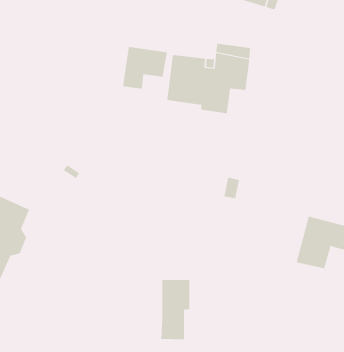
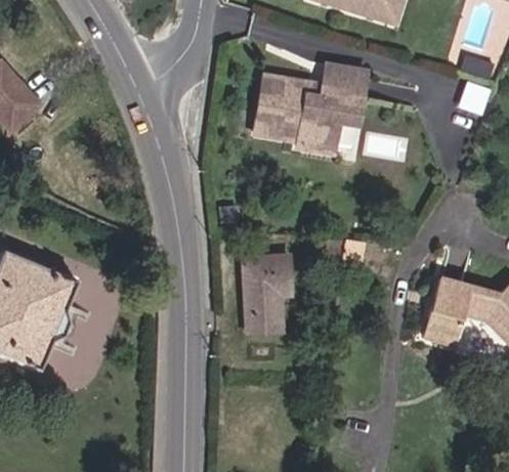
building: [123,46,168,90] -> none
building: [161,280,190,340] -> [244,269,282,346]

